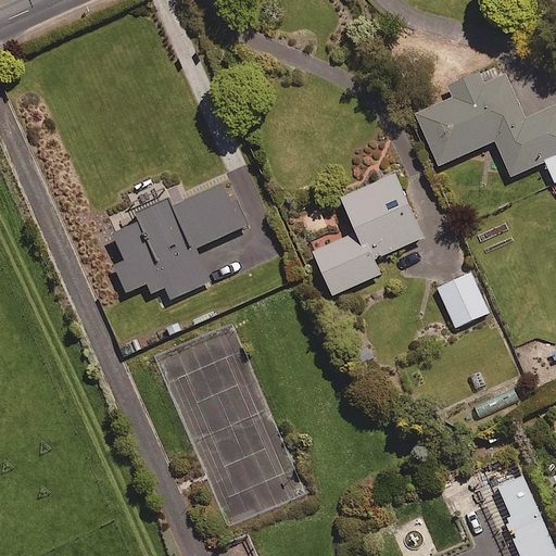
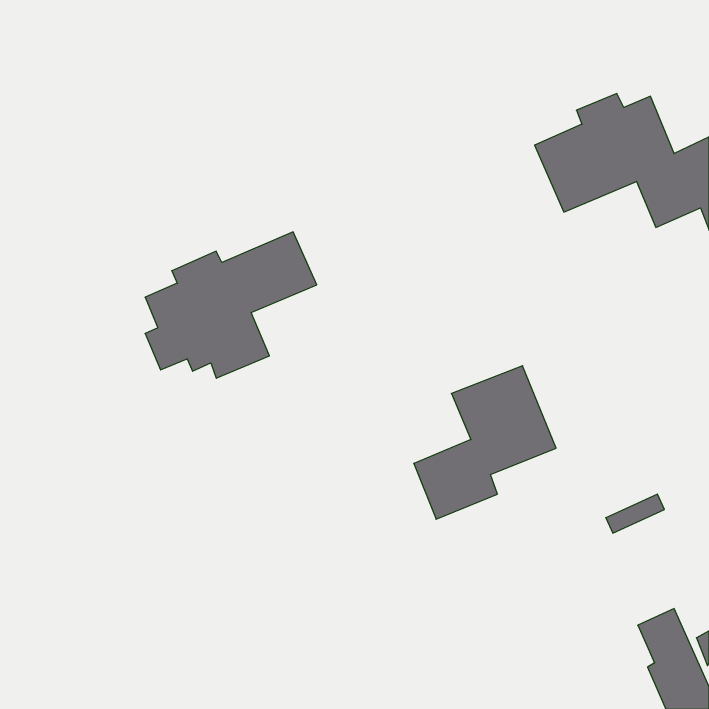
building: [314,175,425,294] -> [414,366,556,519]
building: [435,274,490,330] -> none

